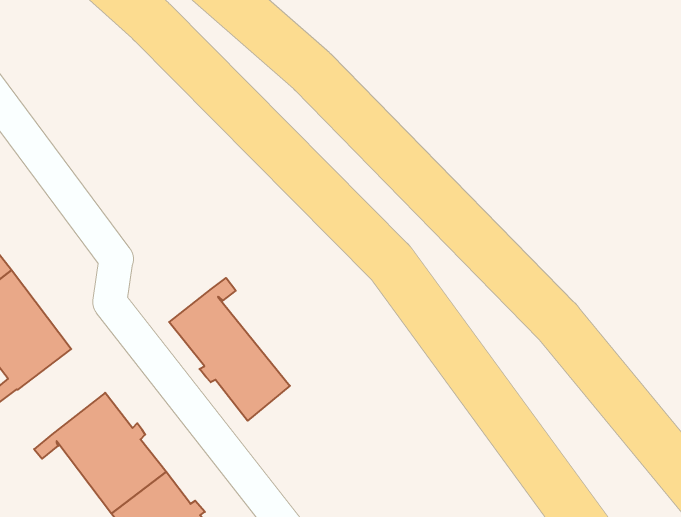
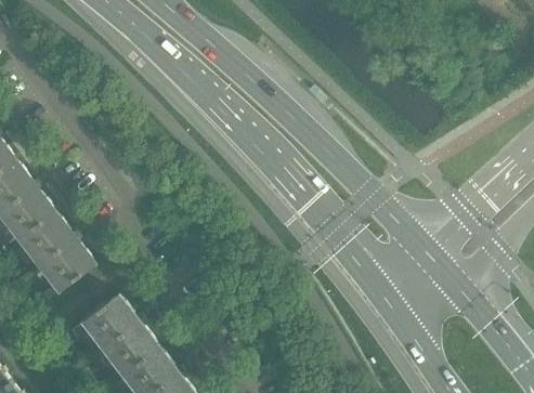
building: [169,278,290,421] -> none

